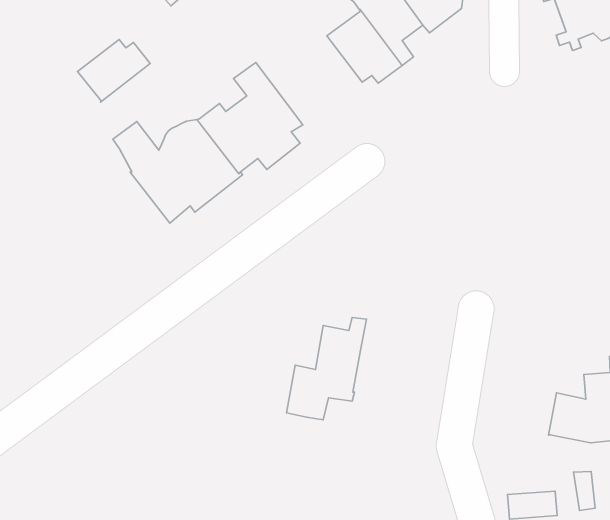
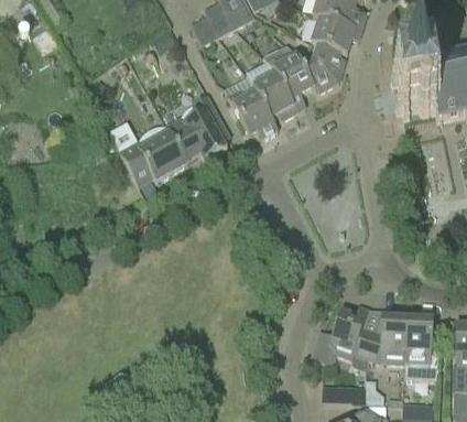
building: none -> [224,75,278,139]
building: [78,40,150,102] -> none
building: [286,318,367,420] -> [311,306,369,367]

